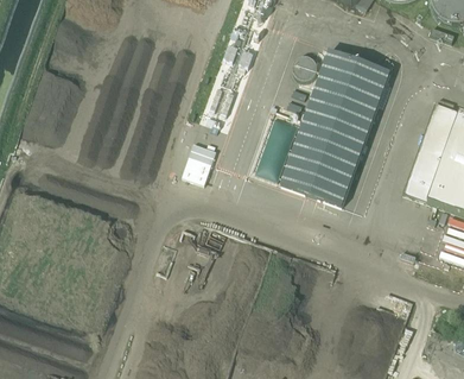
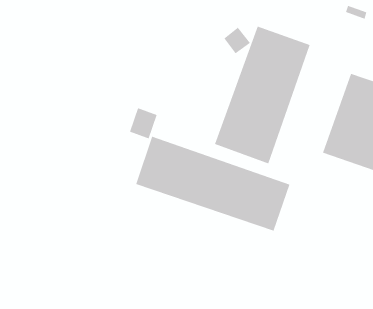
building: none -> [136,136,290,231]

